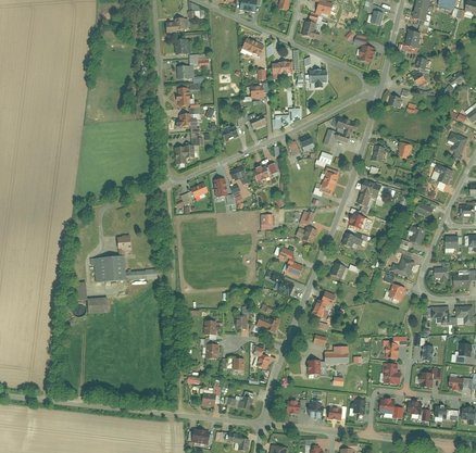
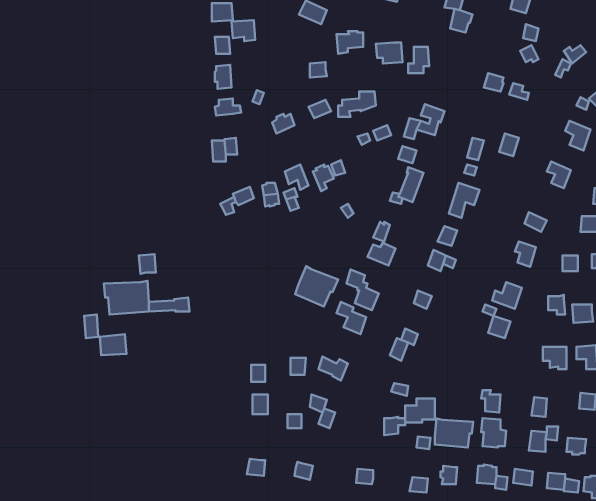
building: none -> [295,266,338,306]
building: none -> [435,419,473,448]

